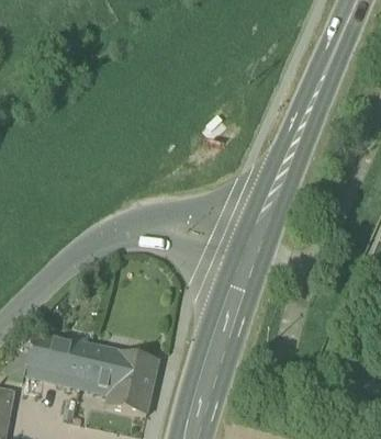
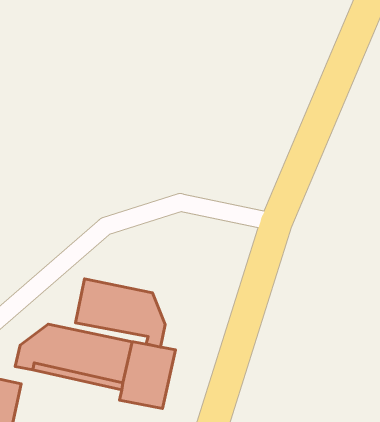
building: none -> [76,279,165,347]

